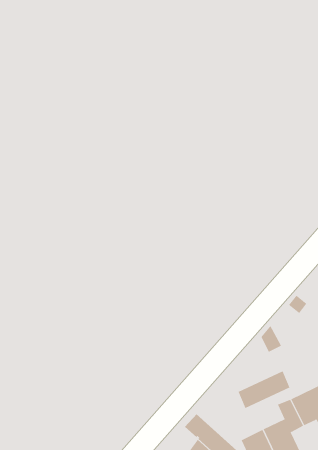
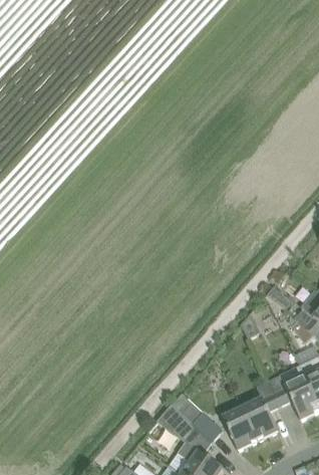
building: [238,370,290,409] -> none

